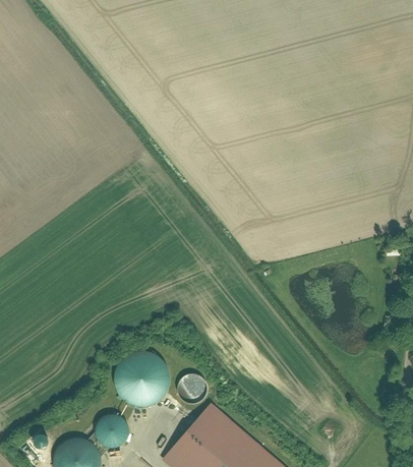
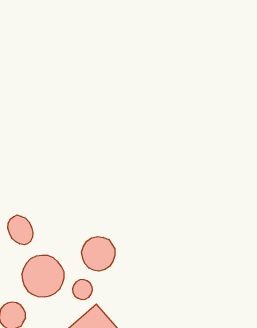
building: none -> [8,215,33,245]
building: none -> [82,237,115,271]

